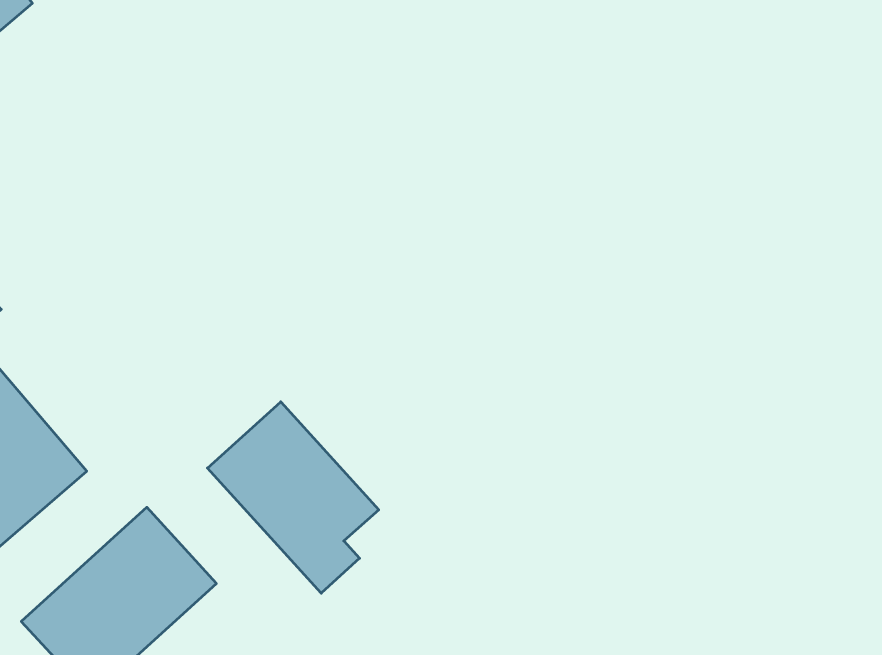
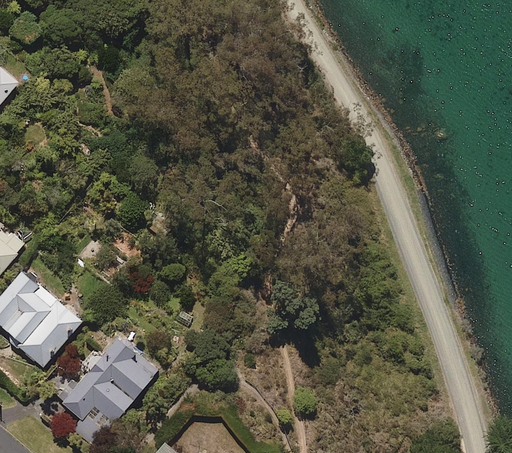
building: [207,402,379,593] -> none

